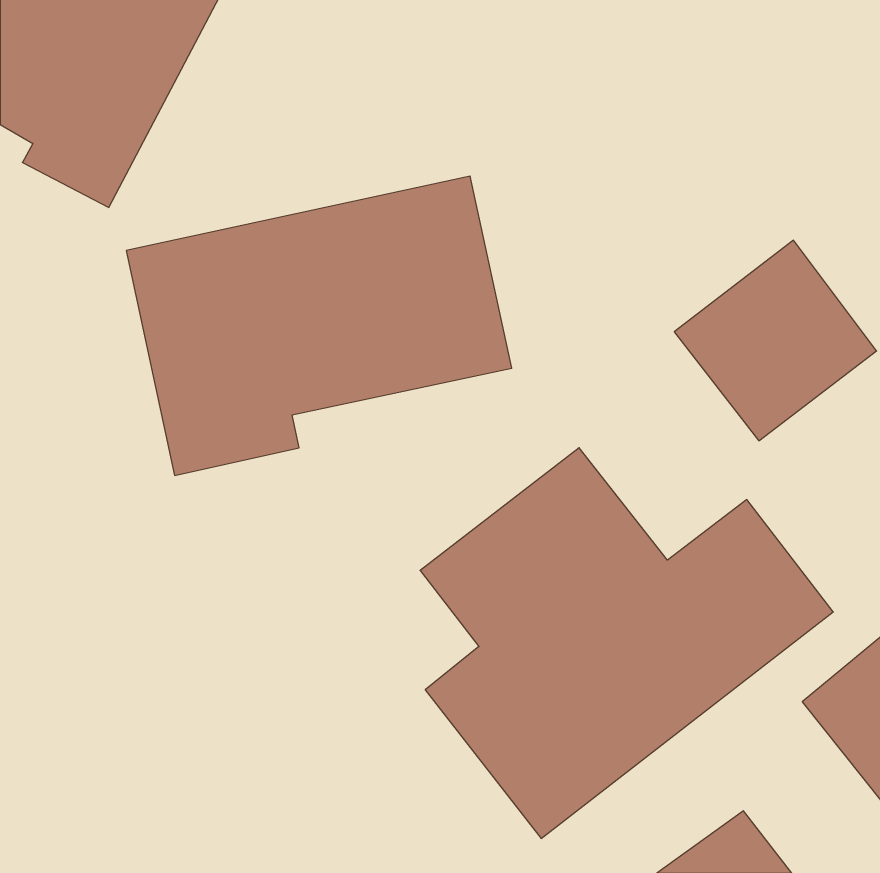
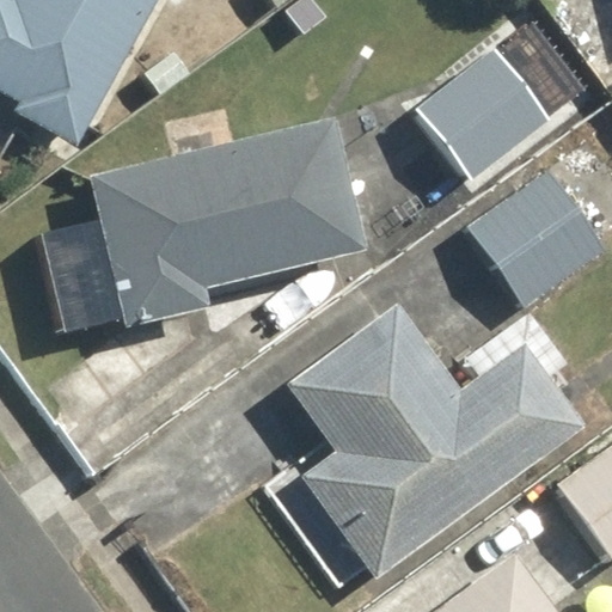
building: none -> [415,50,546,180]

